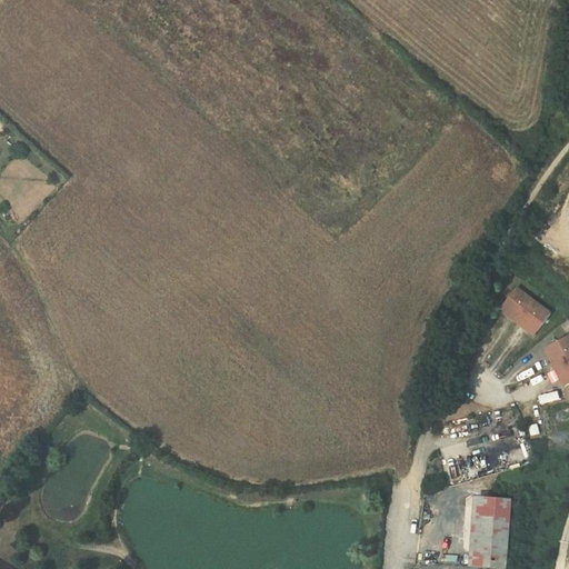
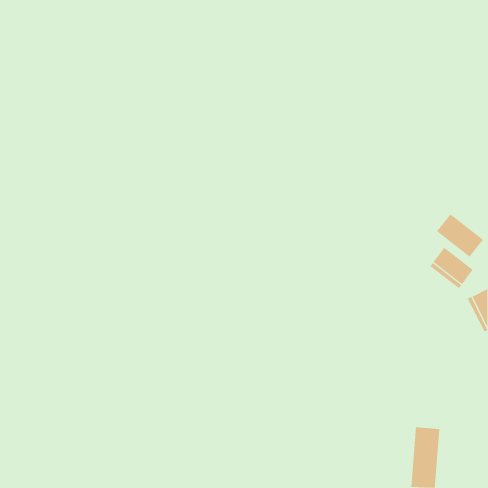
building: none -> [436,214,484,257]

